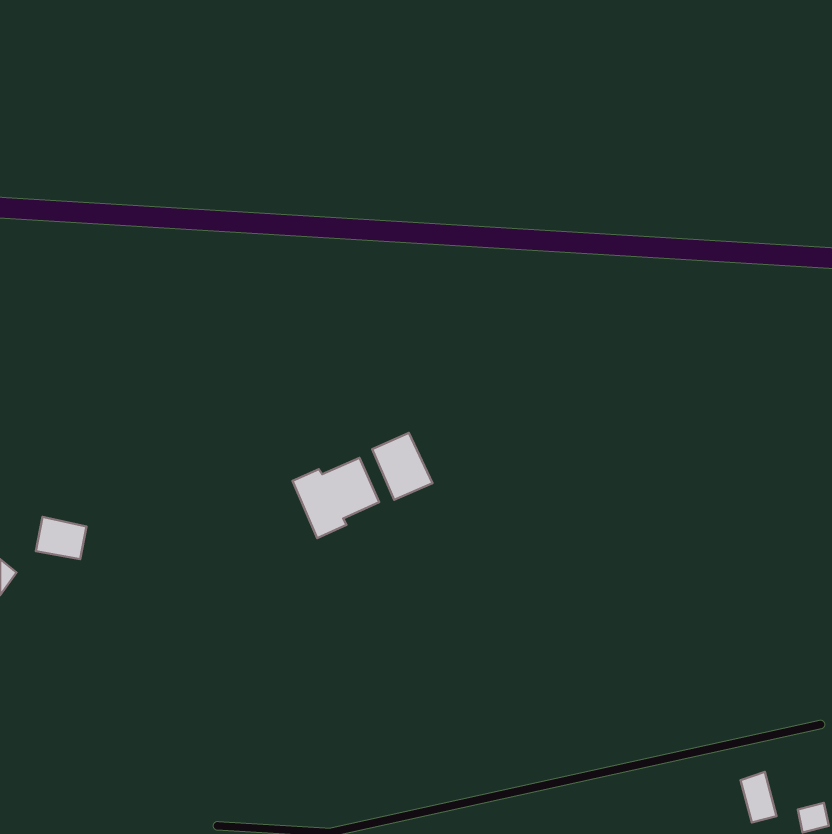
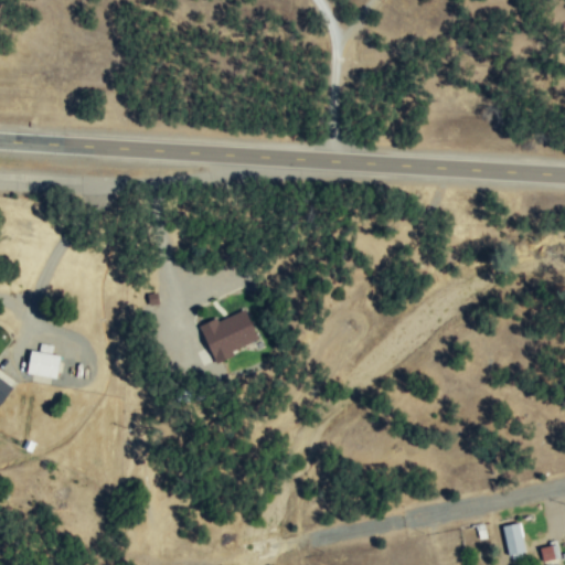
building: [372,433,432,500] -> none

